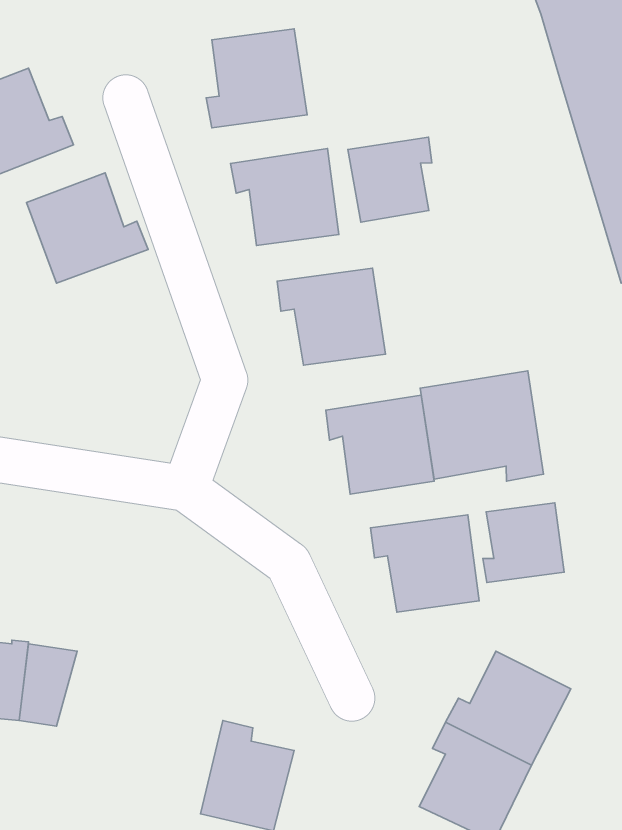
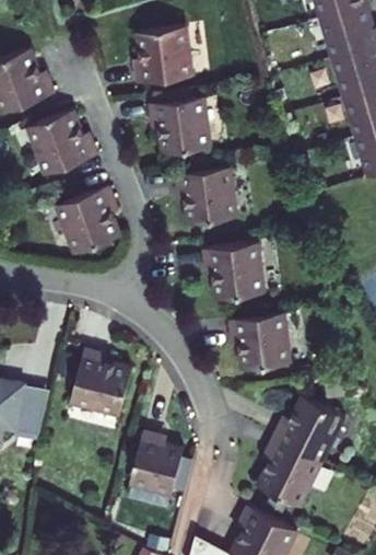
building: [348,137,432,222] -> none
building: none -> [56,188,120,255]
building: [420,371,544,481] -> none
building: [483,503,564,583] -> none
building: none -> [67,350,128,418]

